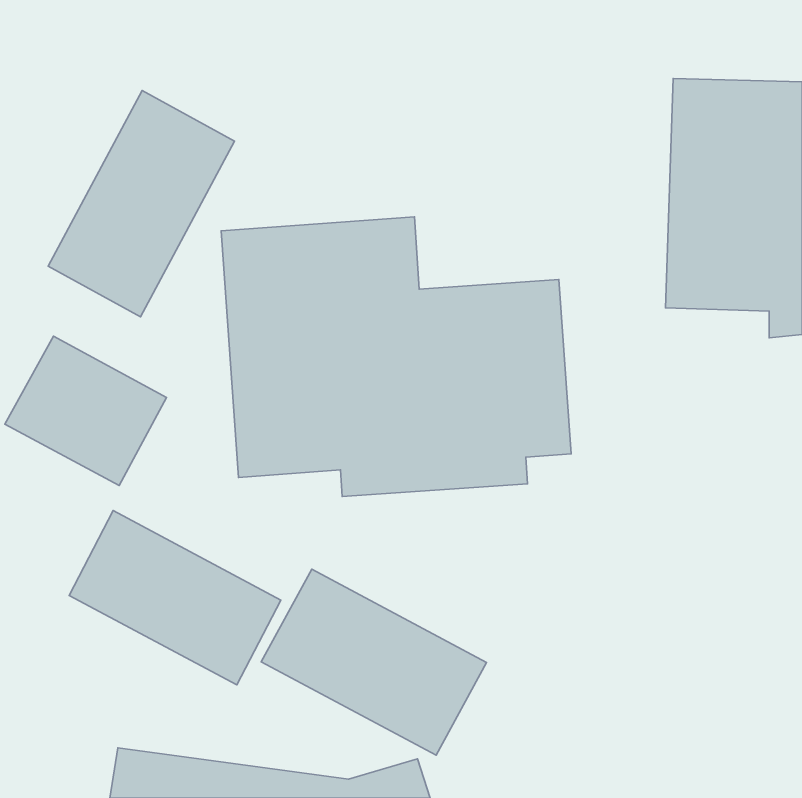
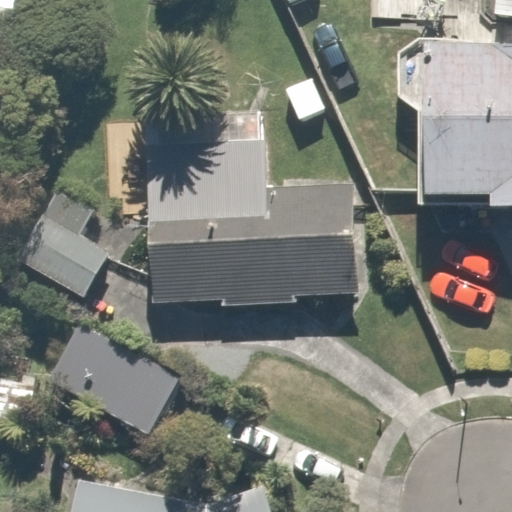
building: [48,90,234,317] -> none
building: [261,569,487,755] -> none

